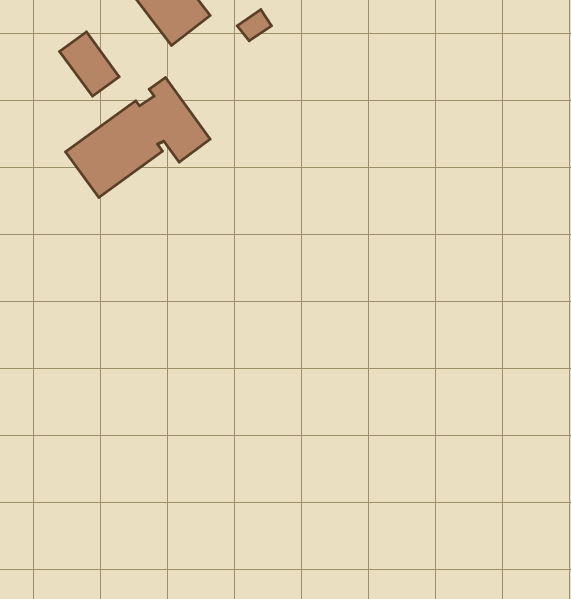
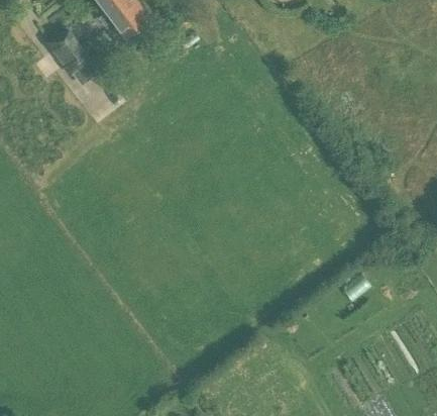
building: [66,77,210,198] -> none

